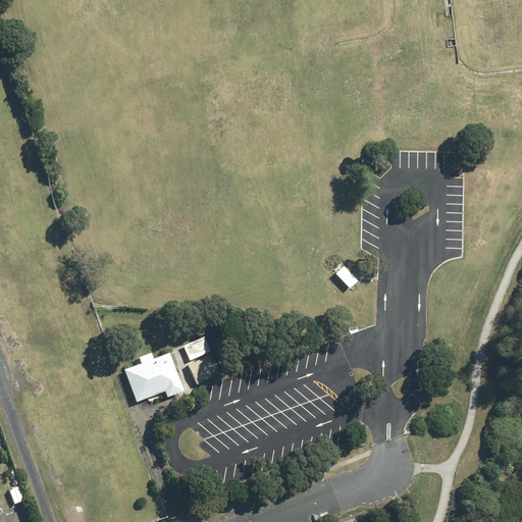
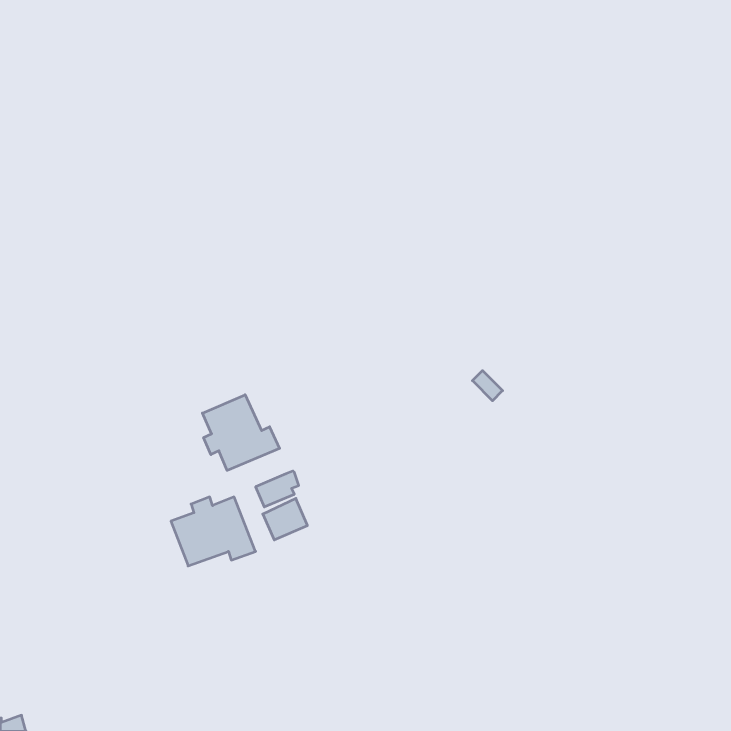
building: none -> [202,395,280,470]

